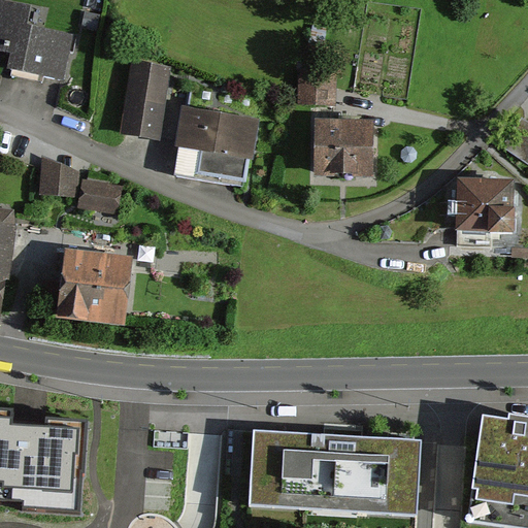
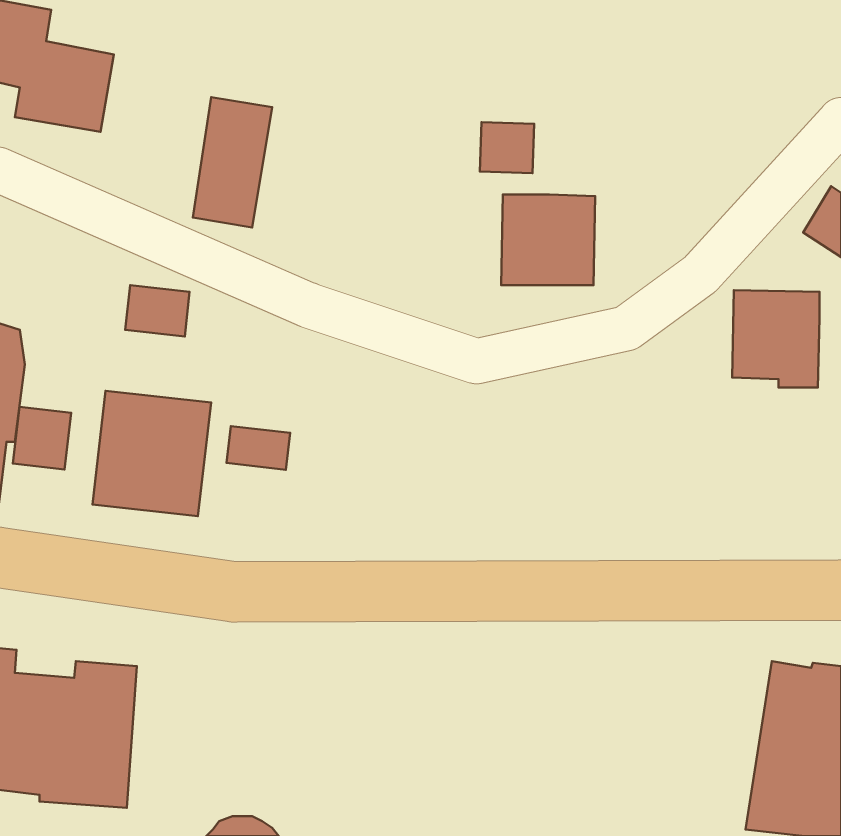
building: [176,109,259,182] -> none
building: [39,156,76,196] -> none
building: none -> [13,407,71,470]
building: none -> [227,426,290,470]
building: [249,428,418,517] -> none

